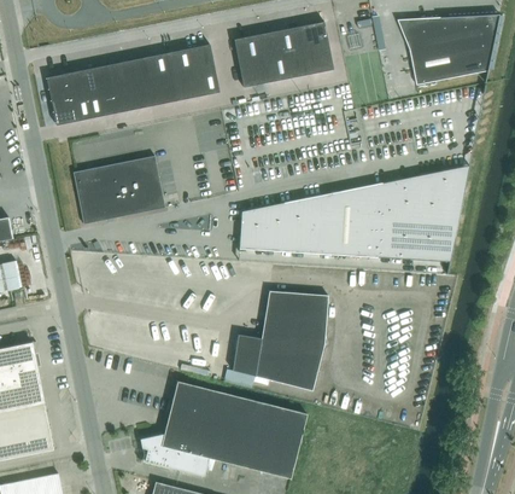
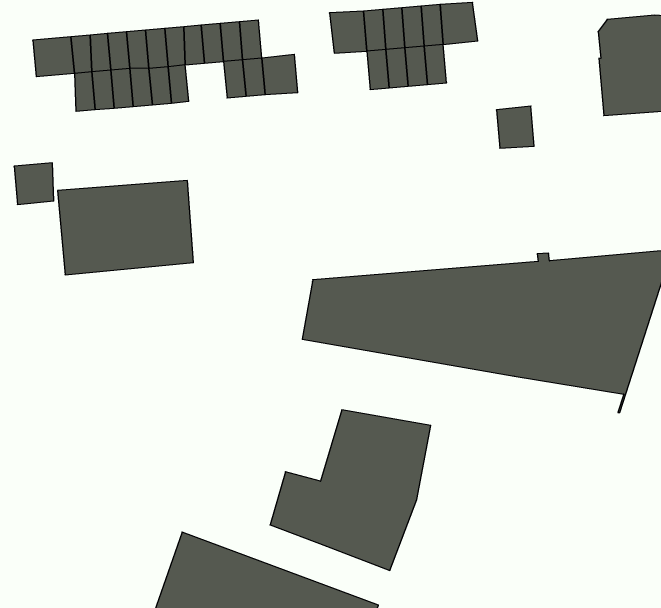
building: [188,45,213,72] -> none
building: [308,46,334,75] -> [496,106,534,148]
building: [239,60,264,89] -> none
building: [145,77,174,105] -> none
building: [51,95,78,124] -> [14,163,54,204]

